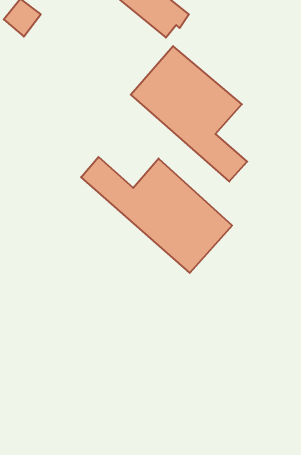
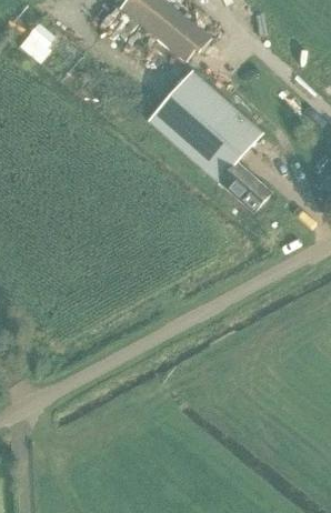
building: [81,157,232,273] -> none

